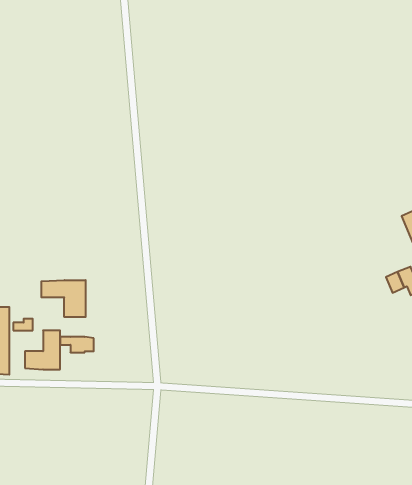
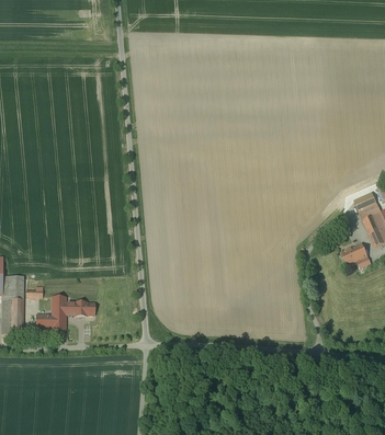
building: [41,280,86,317] -> none

